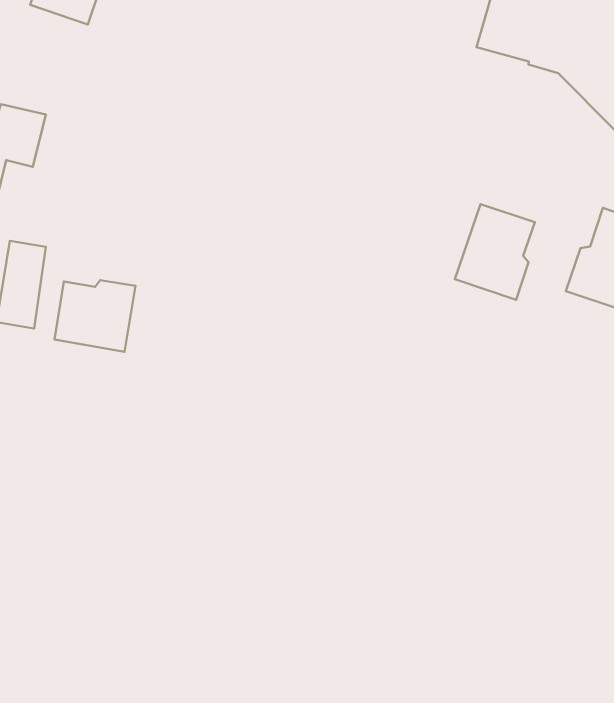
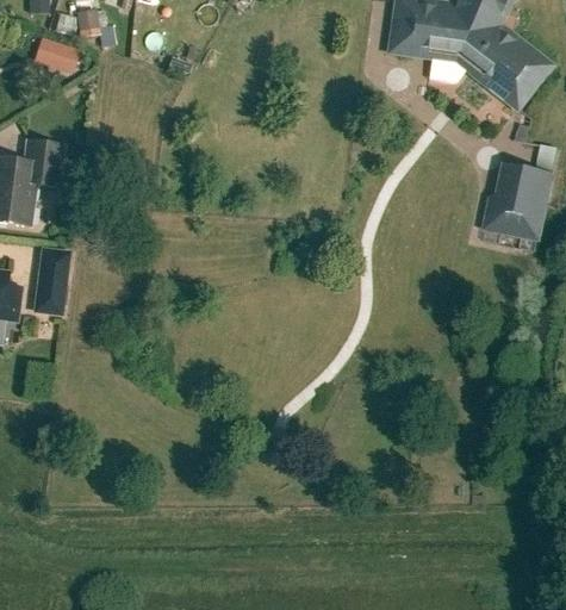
building: [455,204,535,300] -> none
building: [55,280,135,352] -> none

